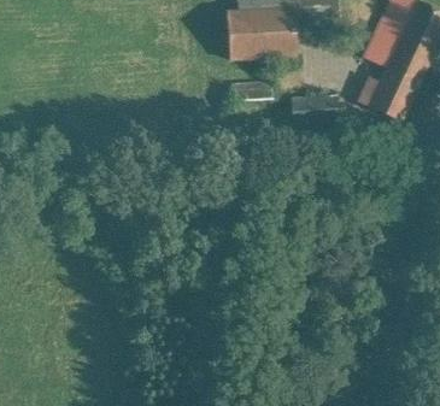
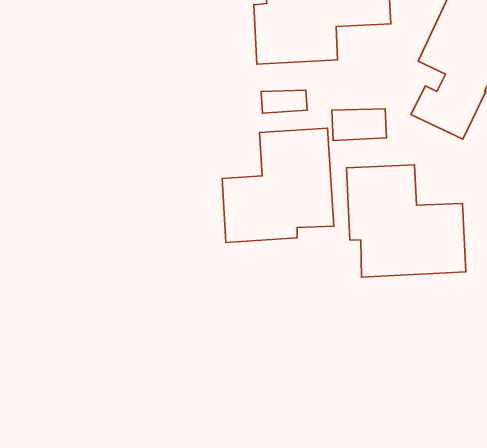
building: none -> [222,128,334,242]
building: none -> [346,165,466,277]

